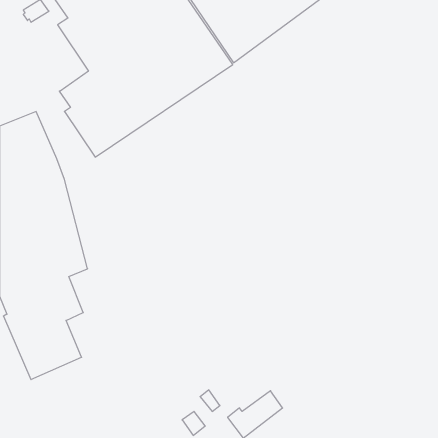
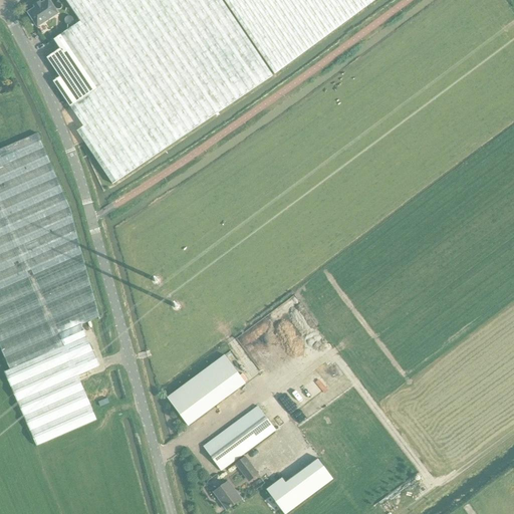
building: none -> [45,29,103,106]
building: none -> [167,354,244,426]
building: none -> [203,406,275,470]

